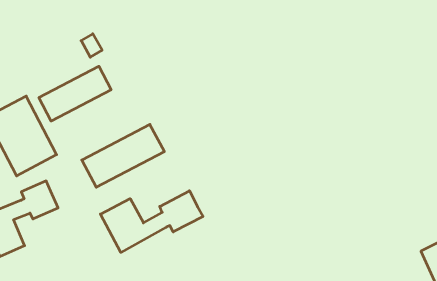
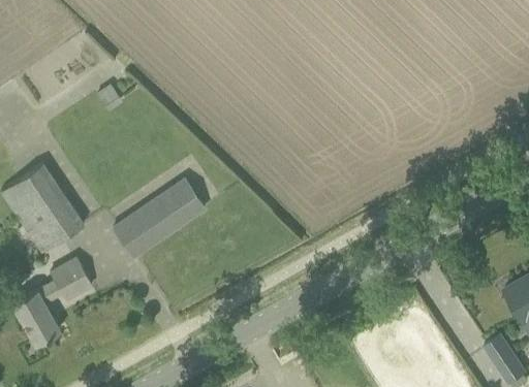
building: [39,66,111,121] -> none
building: [100,191,203,252] -> none

